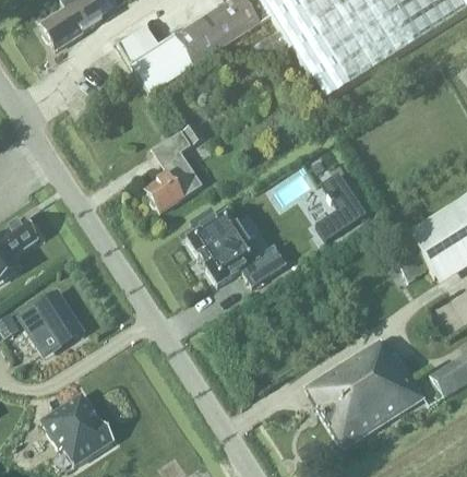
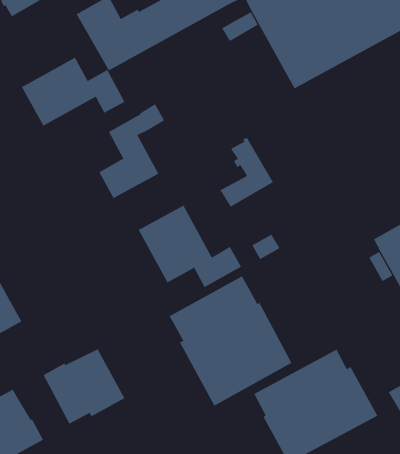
building: none -> [21,57,125,127]
building: [315,170,366,237] -> [219,137,274,207]
building: none -> [169,276,292,406]
building: none -> [43,348,125,425]

